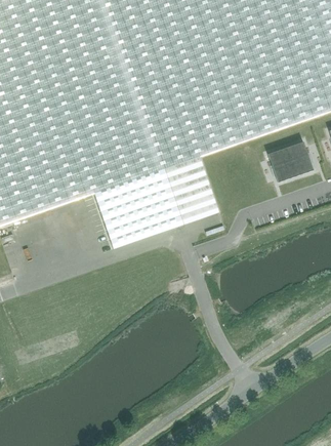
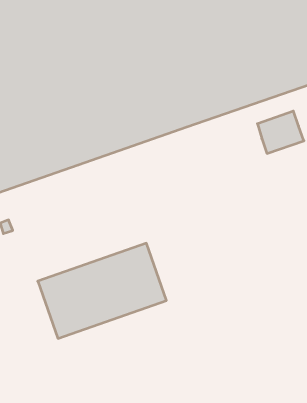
building: [93,156,218,248] -> [38,243,166,338]

